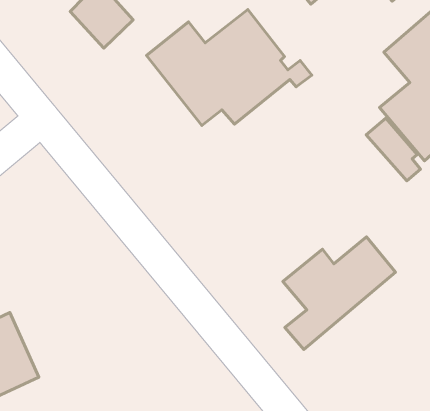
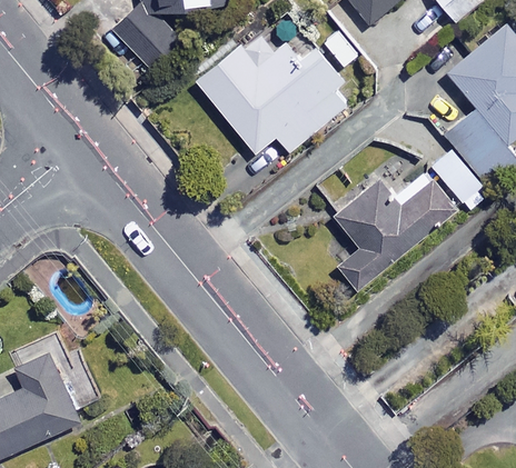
building: [283,237,396,350] -> [335,170,455,290]

